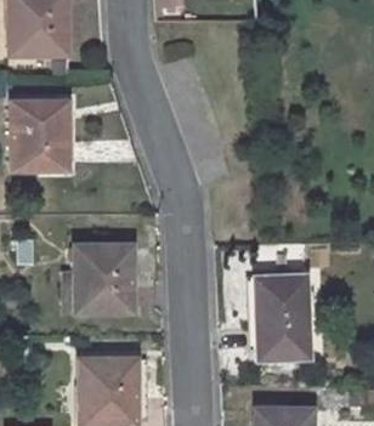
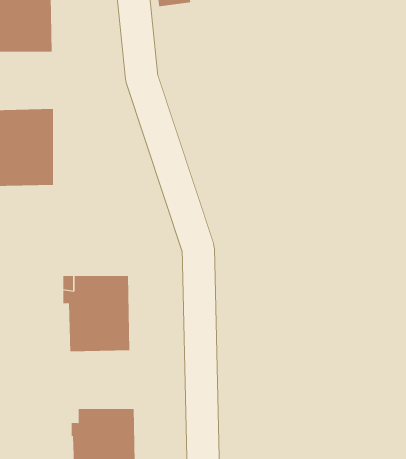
building: [256,273,310,357] -> none

